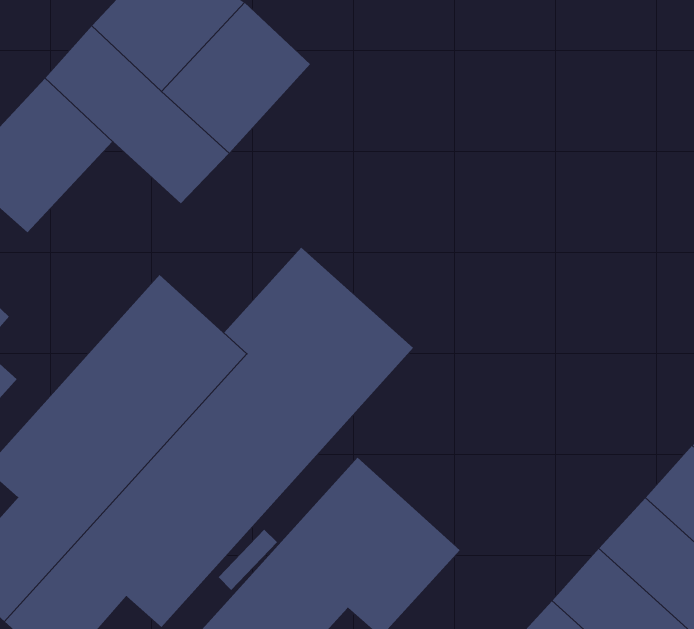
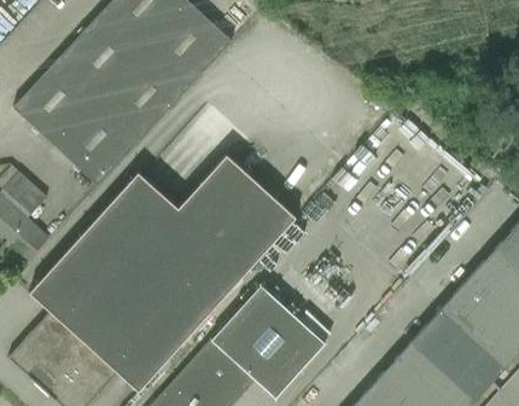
building: none -> [57,89,152,186]

